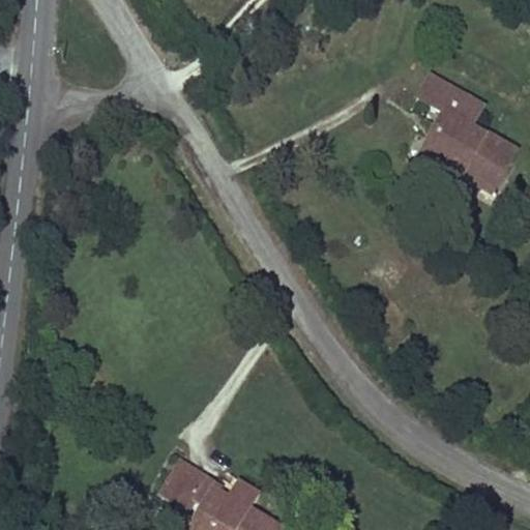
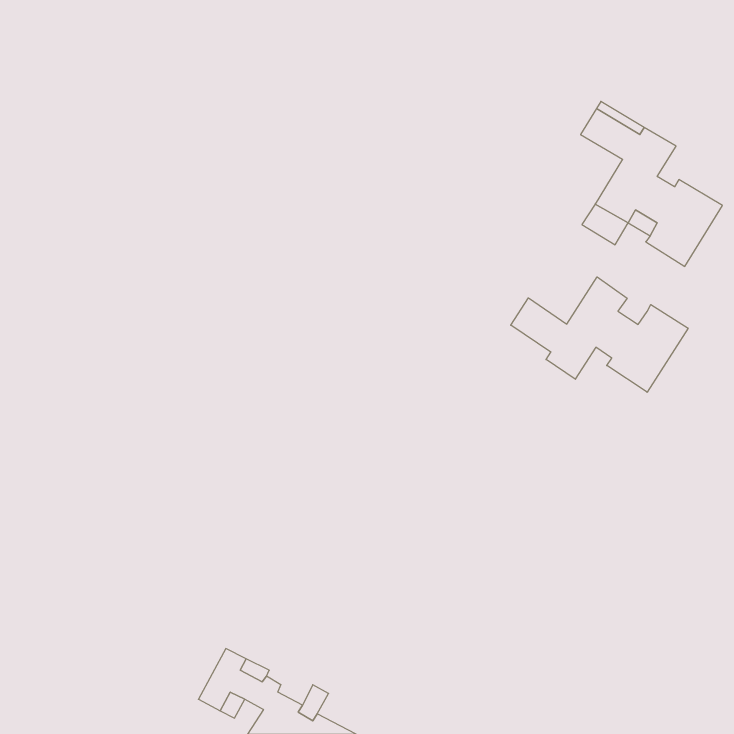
building: none -> [511,277,688,392]

